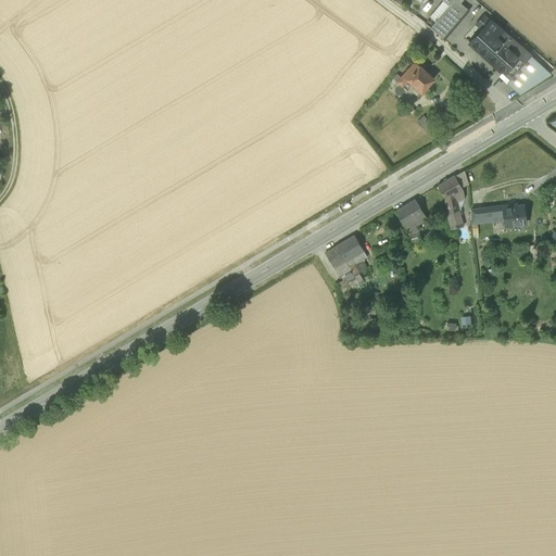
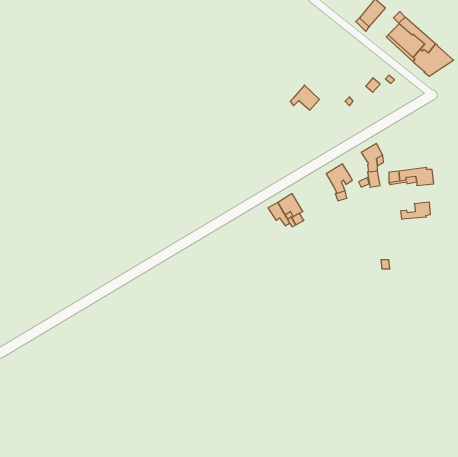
building: [397,61,433,91] -> [290,85,320,110]
building: none -> [401,202,430,219]

